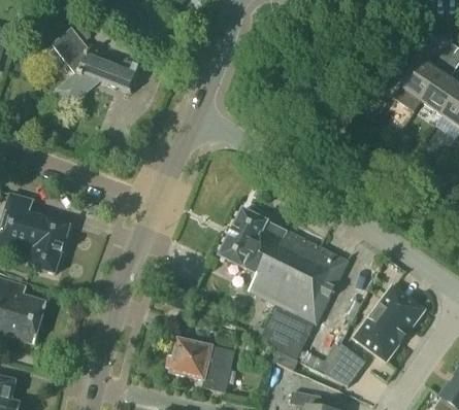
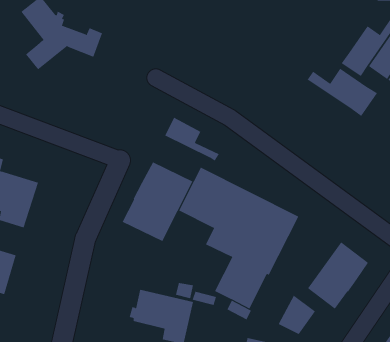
building: none -> [307,68,378,117]
building: none -> [165,117,219,161]
building: none -> [122,161,193,242]

